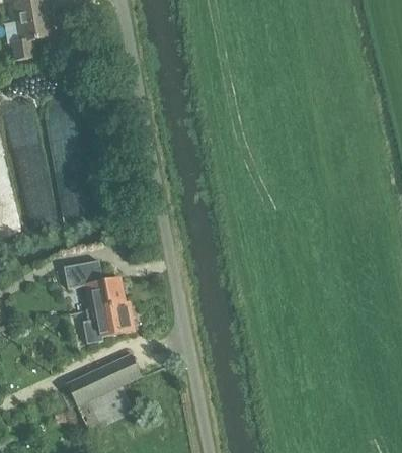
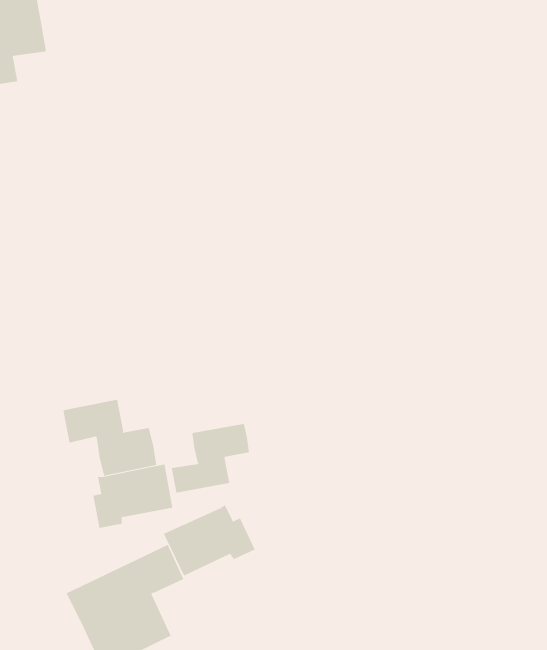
building: none -> [171,423,249,493]
building: none -> [163,504,256,576]

